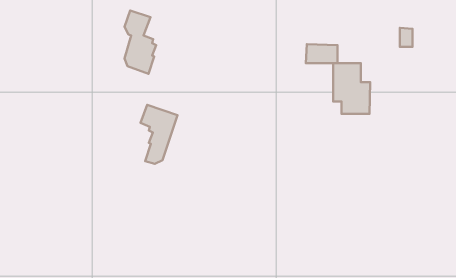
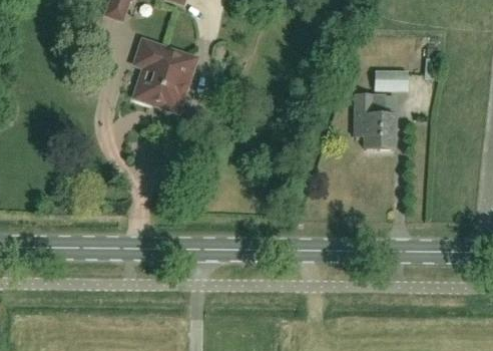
building: [306,44,337,63] -> [374,70,407,90]
building: [140,105,178,164] -> [156,47,195,109]

